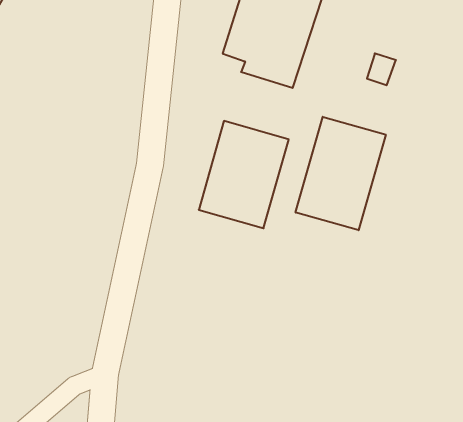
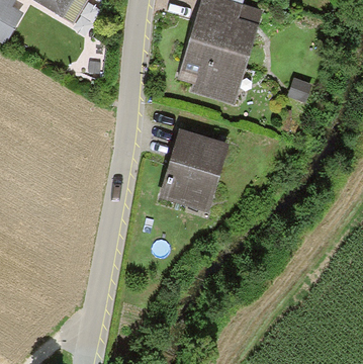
building: [296,117,386,230] -> none

